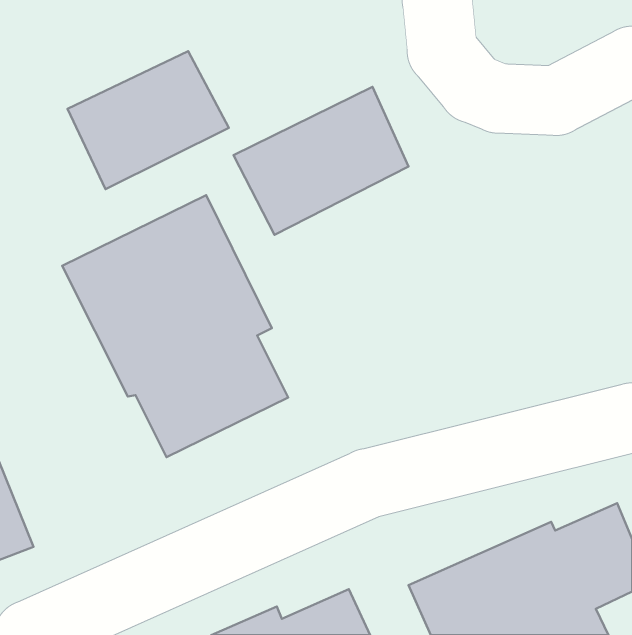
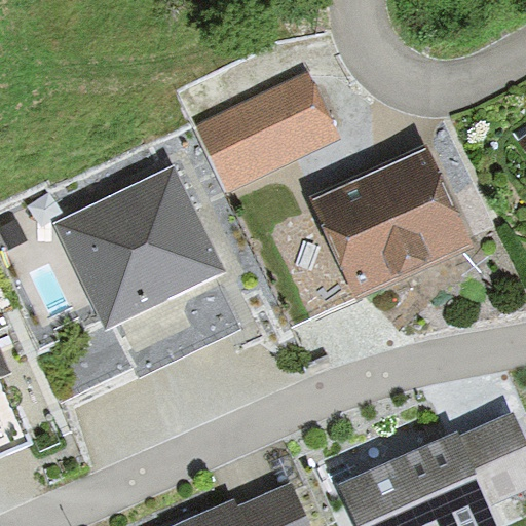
building: [68,51,229,189] -> none
building: none -> [307,144,476,300]

